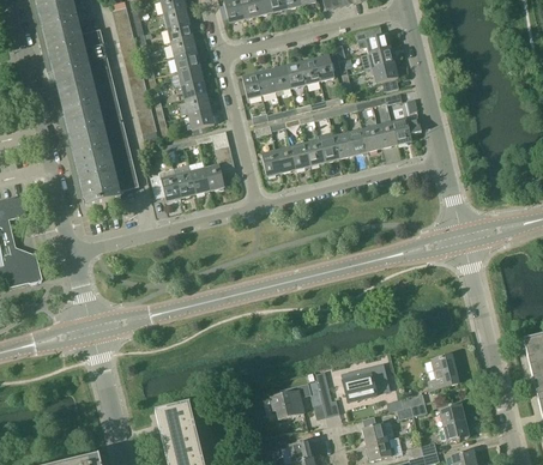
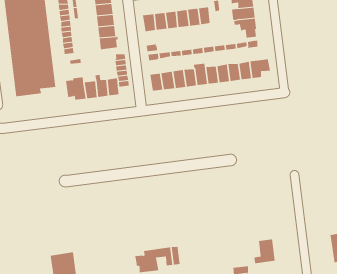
building: [339,363,388,401] -> none

